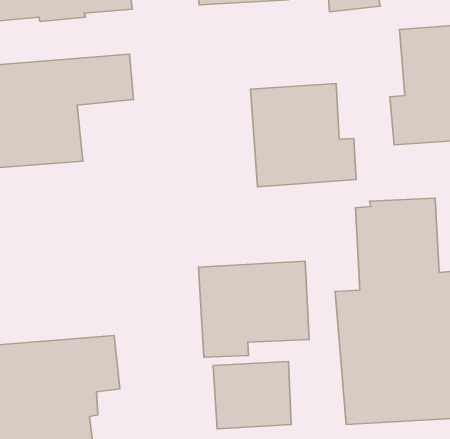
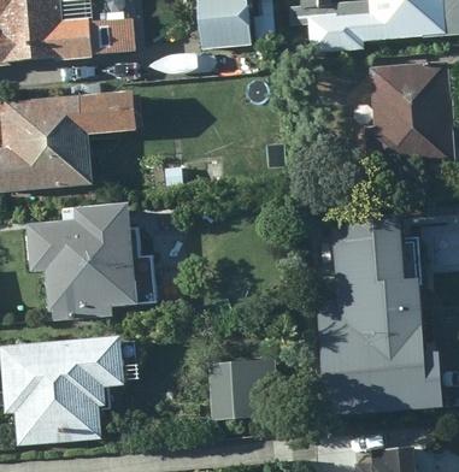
building: [250,83,356,187] -> none
building: none -> [27,202,140,320]
building: [199,261,309,357] -> none

